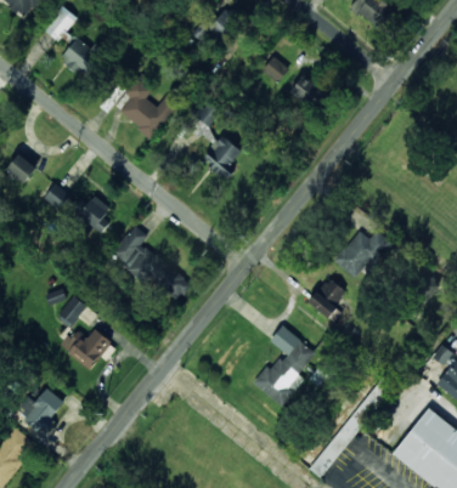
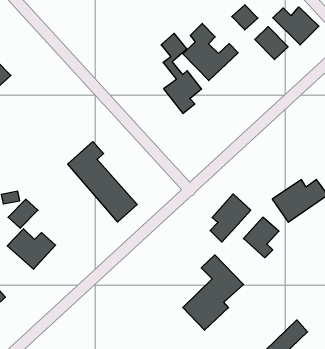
building: none -> [273,7,319,45]
building: [119,78,177,137] -> [183,23,238,81]
building: [45,183,109,238] -> none
building: none -> [210,194,251,242]

